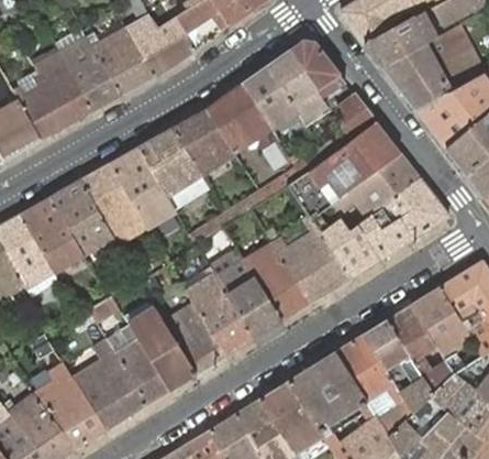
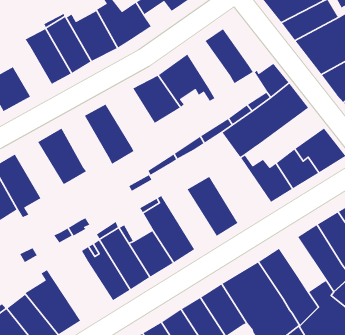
building: [290,41,345,98] -> none
building: [244,67,298,129] -> none
building: [13,75,68,140] -> none
building: [138,129,209,209] -> none
building: [337,154,421,226] -> none
building: [81,164,146,244] -> none
building: [21,198,84,272] -> none
building: [267,215,352,304] -> none
building: [211,249,281,338] -> none
building: [363,321,423,381] -> none
building: [73,340,147,430] -> none

